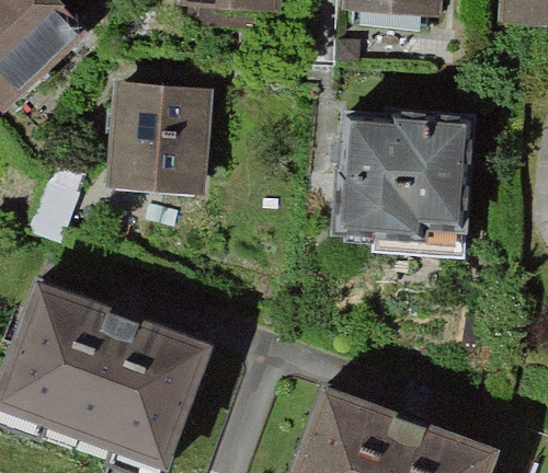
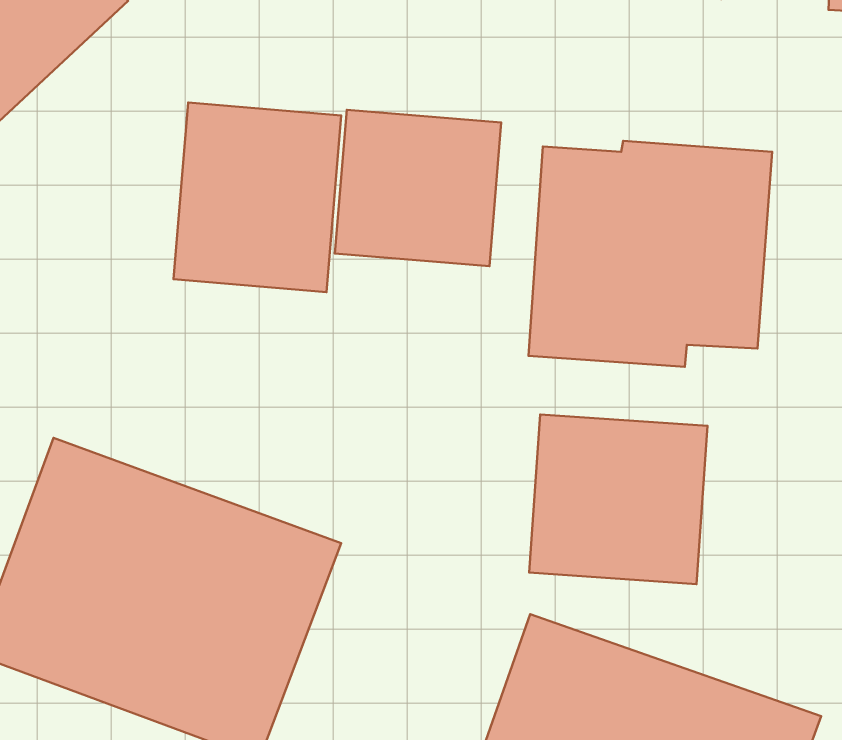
building: none -> [335,110,501,266]
building: none -> [529,414,707,584]

